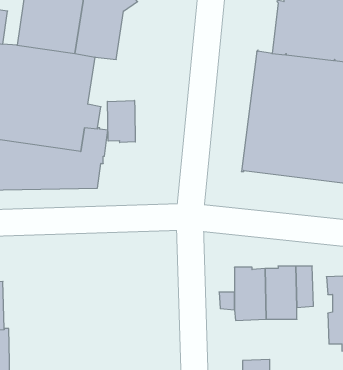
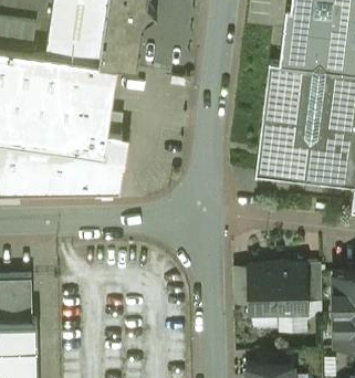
building: [107,100,135,143] -> none

